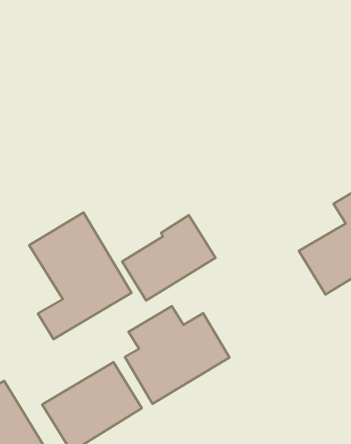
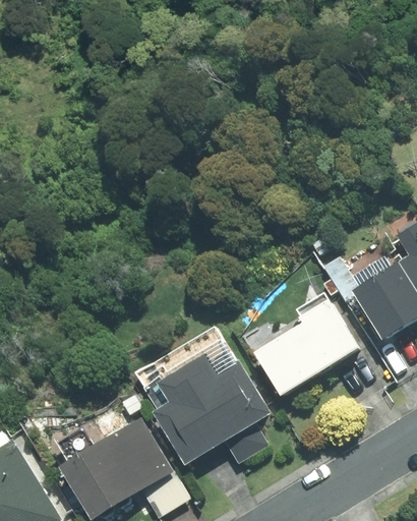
building: [29,213,131,339] -> none
building: [122,215,215,300] -> [252,298,359,396]

